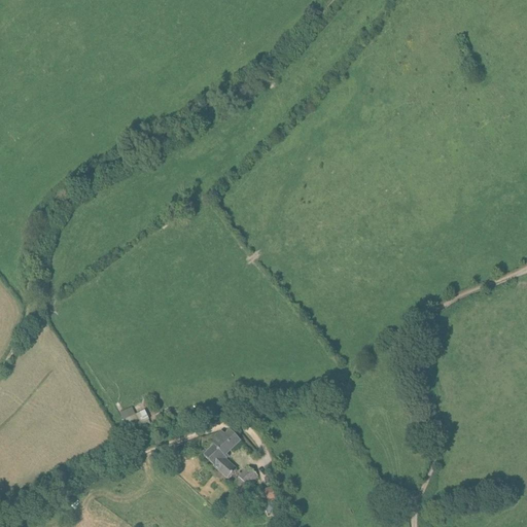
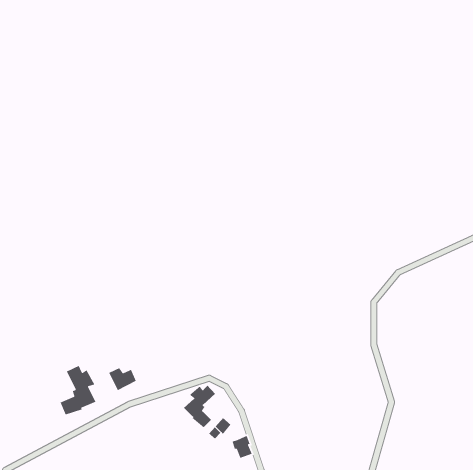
building: none -> [59,365,96,416]

